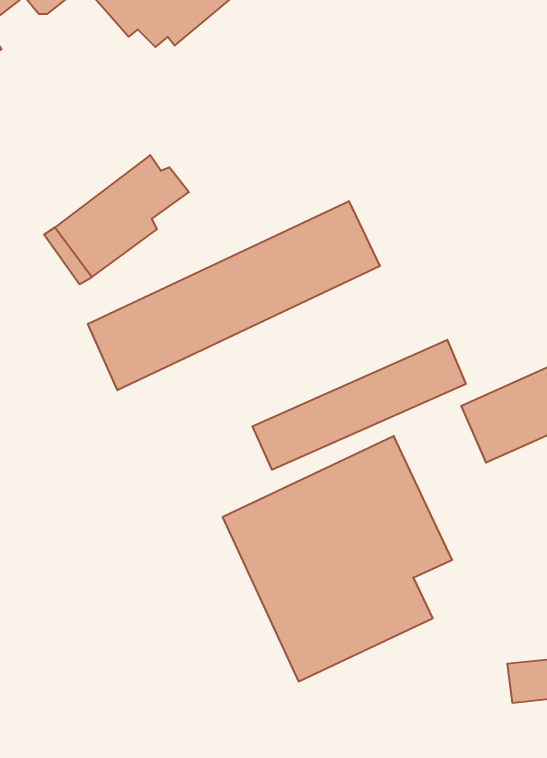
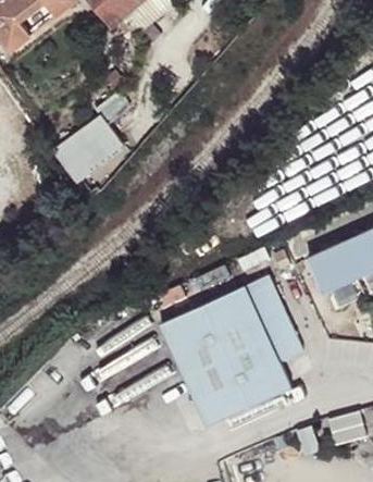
building: [88,201,380,390] -> none
building: [252,340,466,470] -> none

